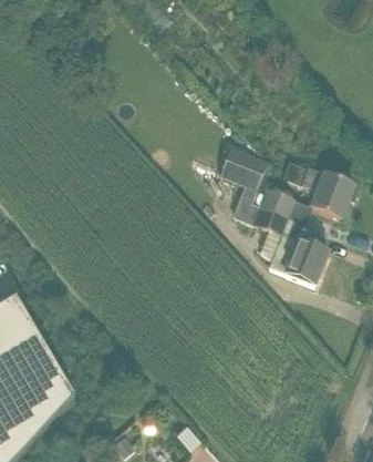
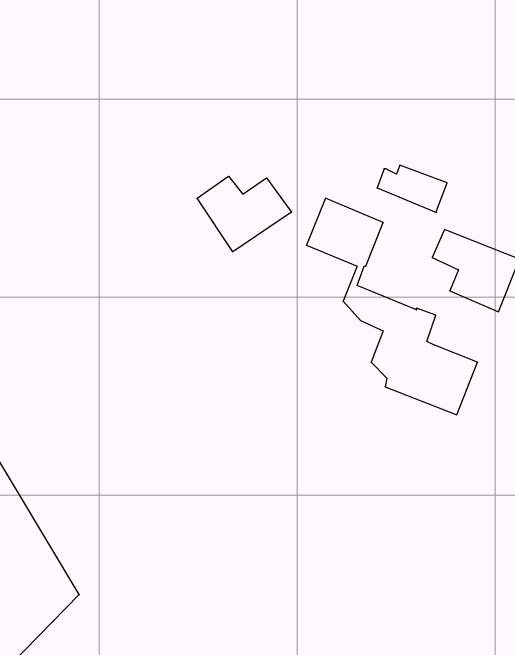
building: none -> [197,176,292,252]
building: [249,183,293,213] -> [377,165,447,212]

